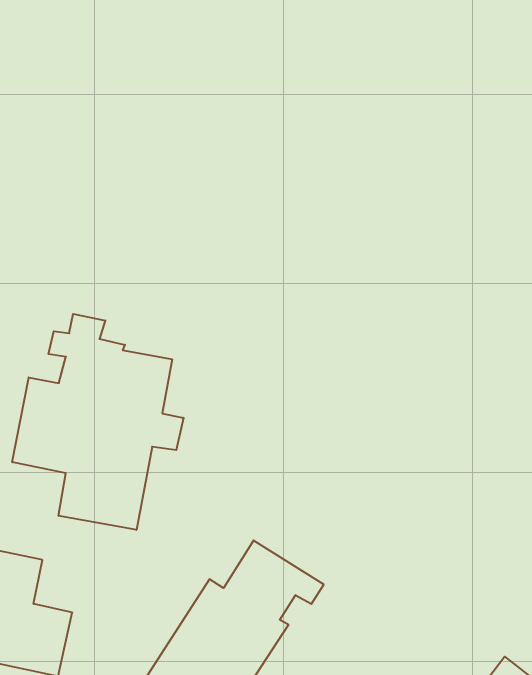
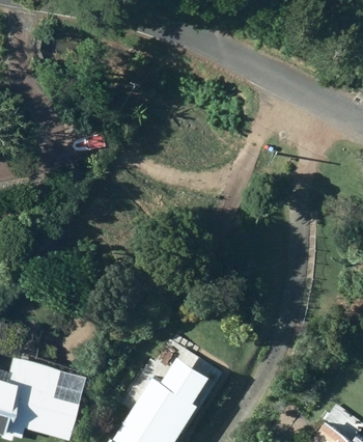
building: [12,314,184,530] -> none

